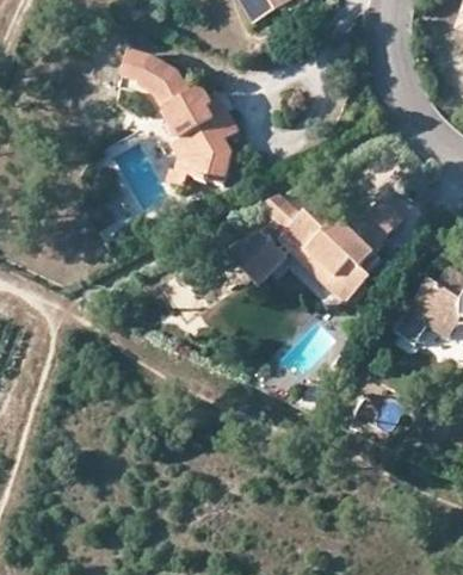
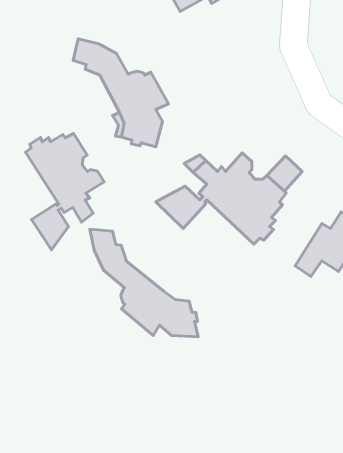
building: none -> [25,134,104,250]
building: none -> [90,229,198,337]

